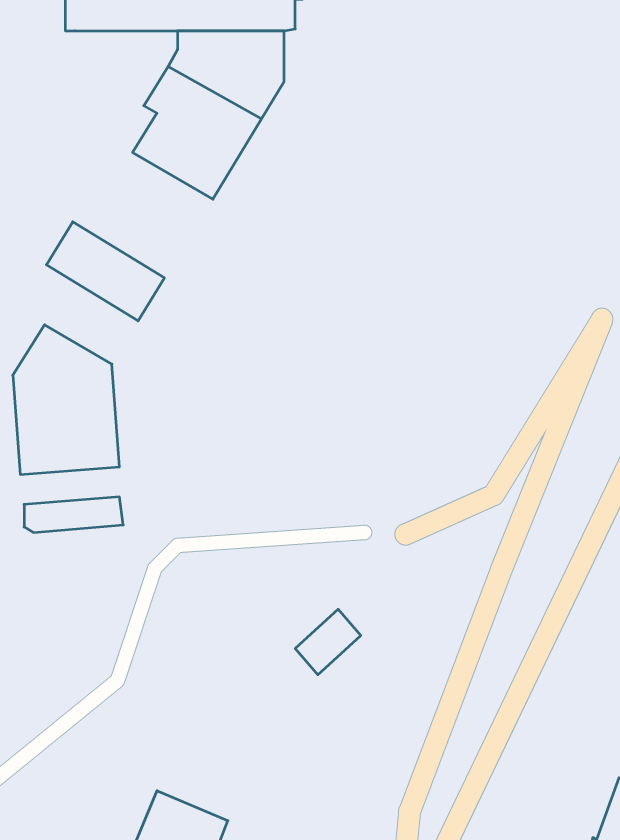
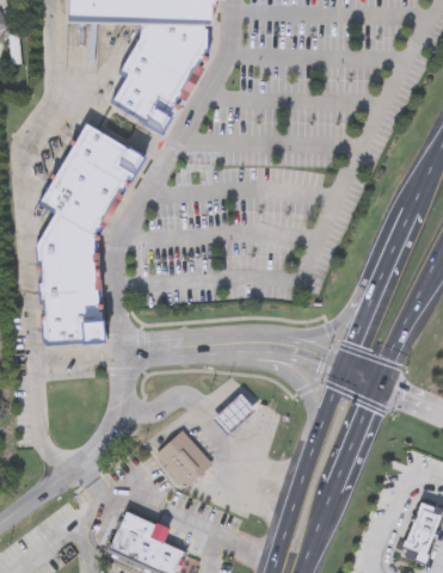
building: none -> [72,121,144,180]
building: none -> [37,172,113,235]
building: none -> [38,301,101,325]
building: none -> [154,427,213,486]

